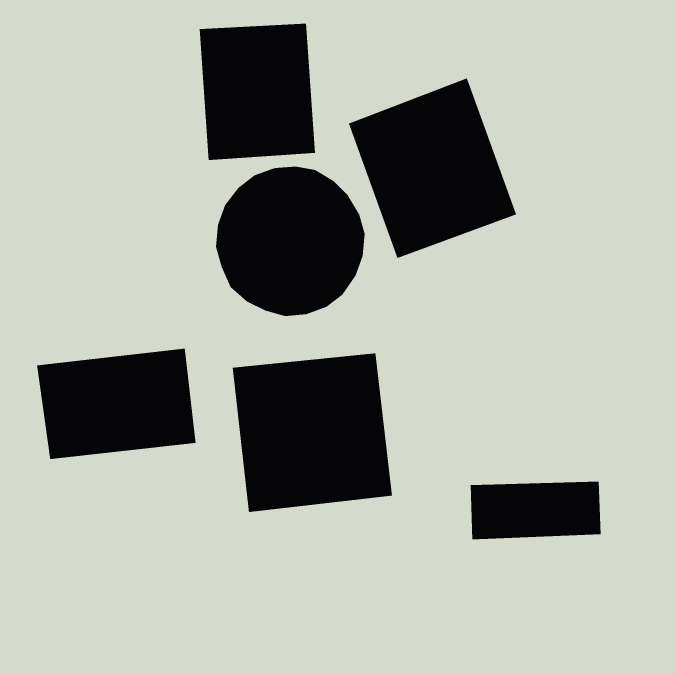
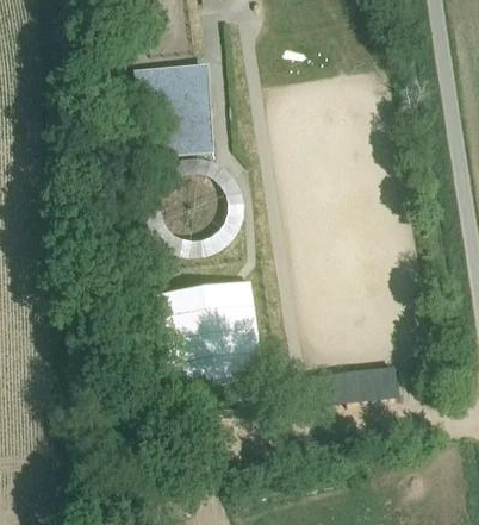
building: [348,78,517,259] -> none
building: [37,348,196,460] -> none

